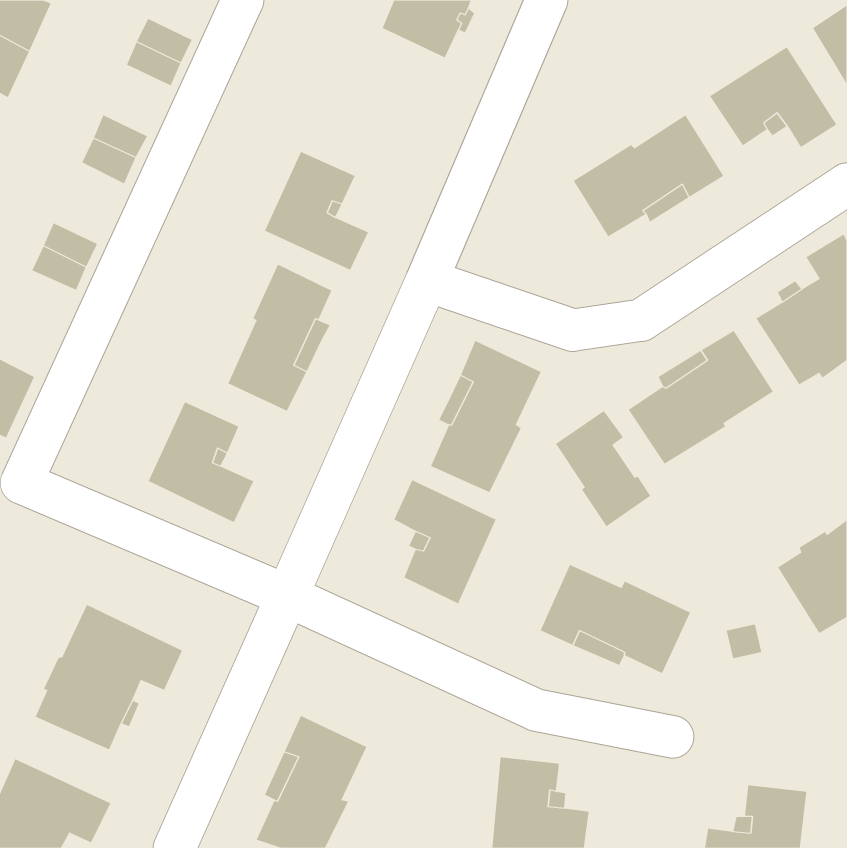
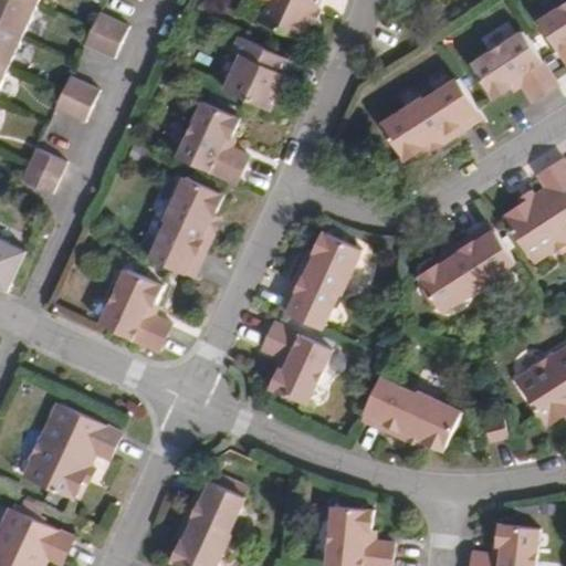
building: none -> [222,34,289,106]
building: [555,410,651,527] -> none

